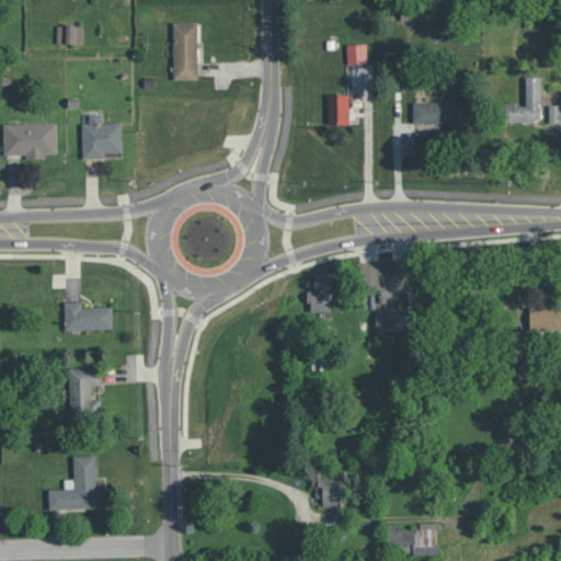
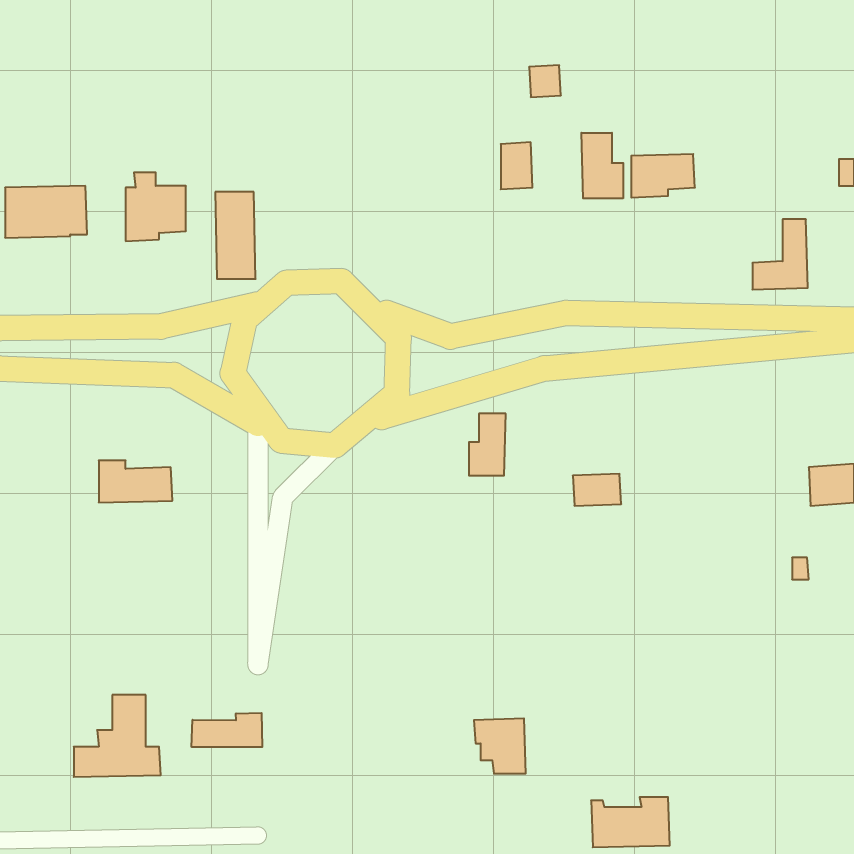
building: [172,23,198,80] -> [215,192,256,279]
building: [56,25,83,45] -> none
building: [505,77,541,123] -> [752,219,808,290]
building: none -> [581,133,623,198]
building: [69,367,100,413] -> none
building: none -> [192,713,262,747]

